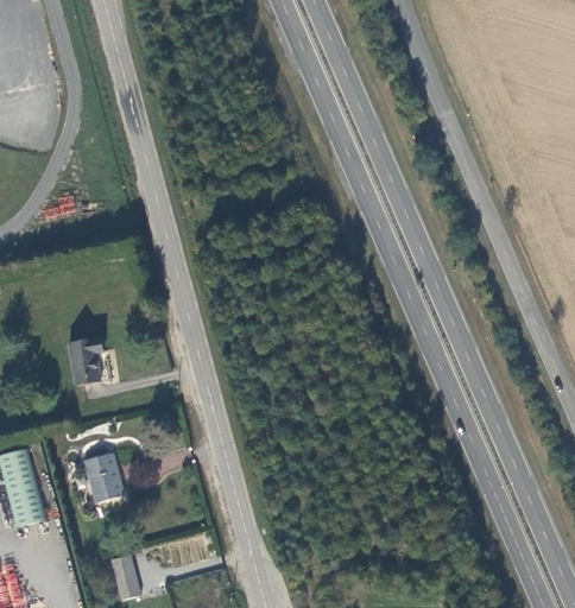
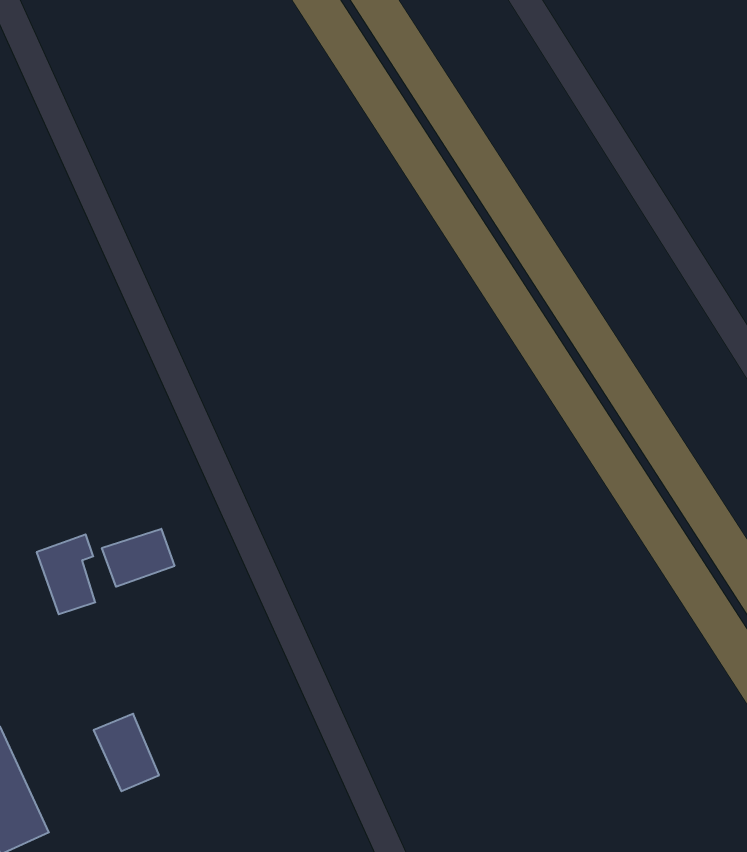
building: none -> [102,529,174,587]

